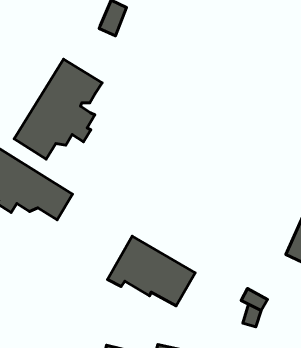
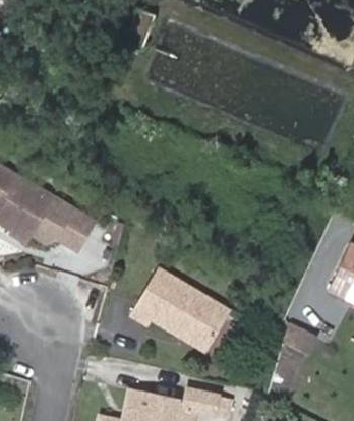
building: [14,59,102,159] -> none

